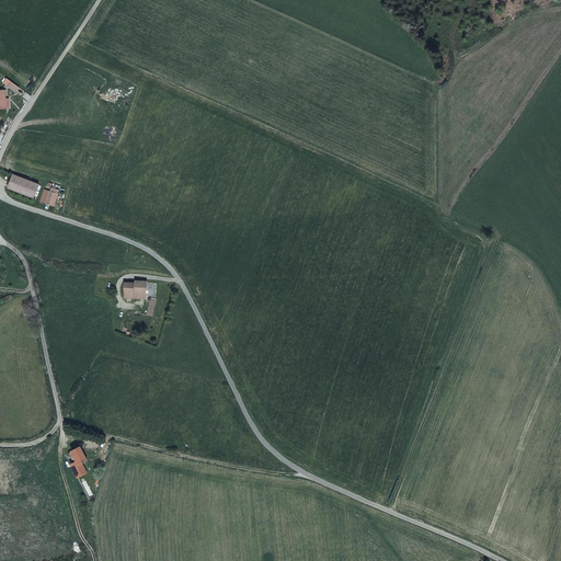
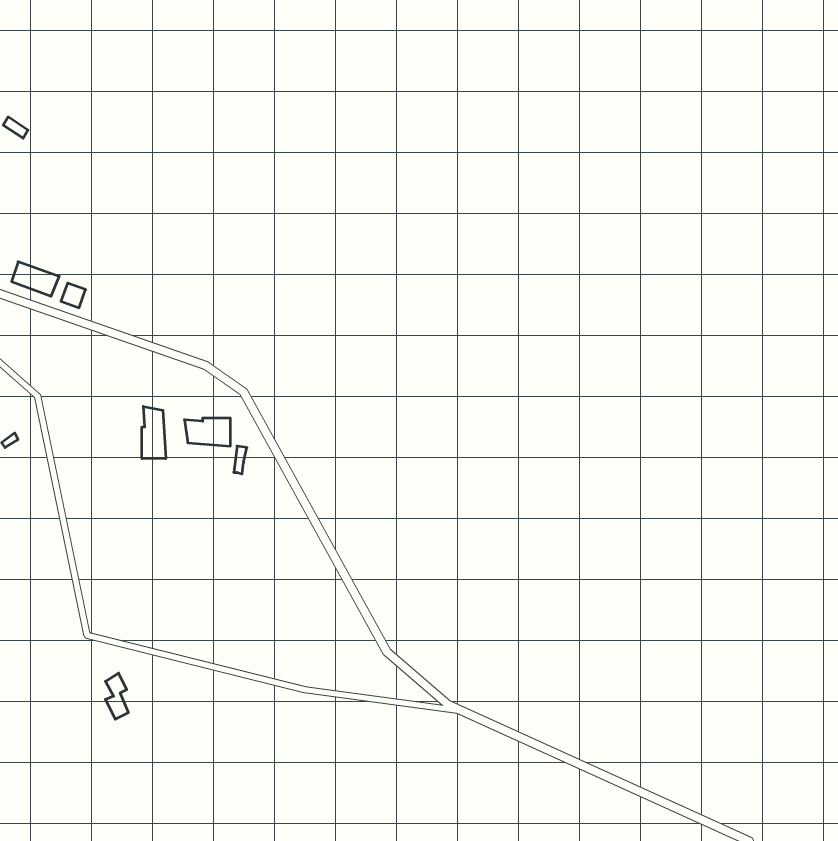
building: none -> [142,406,166,459]

